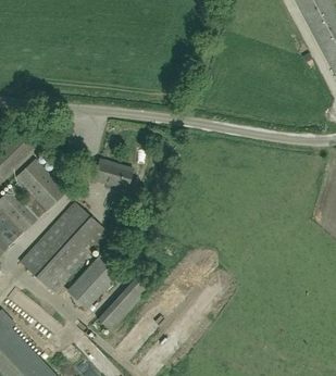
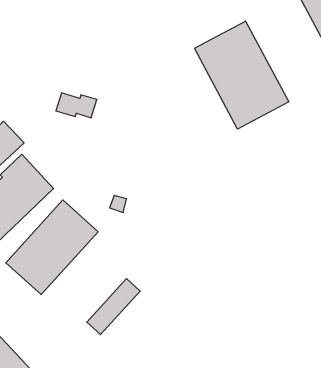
building: none -> [195,21,289,129]
building: [95,161,134,185] -> [56,93,97,118]
building: [72,256,121,308] -> none

